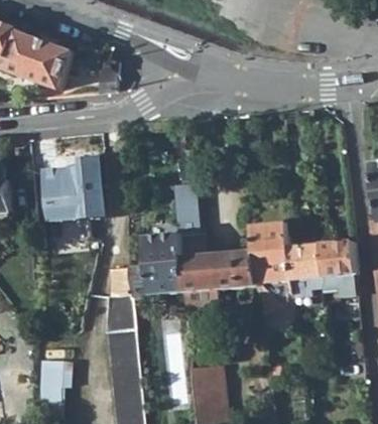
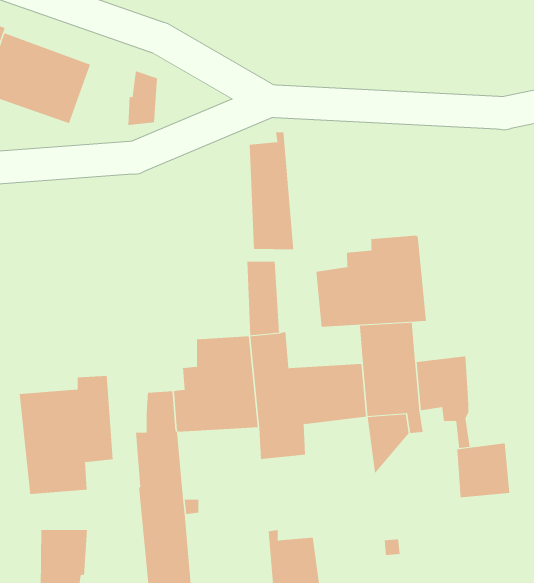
building: none -> [249,132,294,250]
building: [44,151,107,230] -> [19,376,113,494]
building: none -> [316,235,427,327]
building: [322,240,357,276] -> [457,443,510,498]

